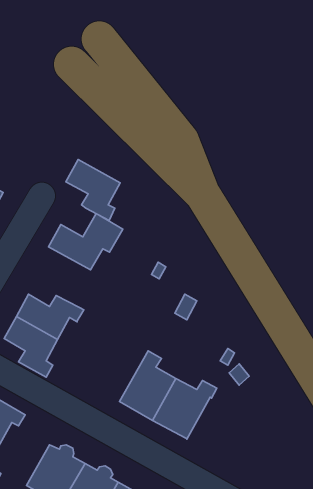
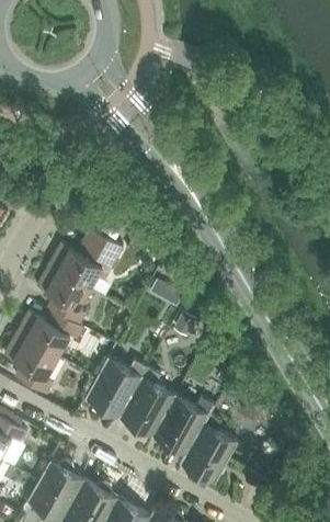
building: [66,160,120,220] -> [36,264,90,325]
building: none -> [84,358,147,418]
building: none -> [179,413,238,485]

